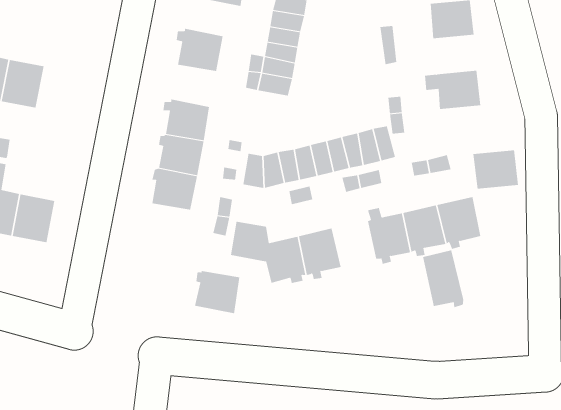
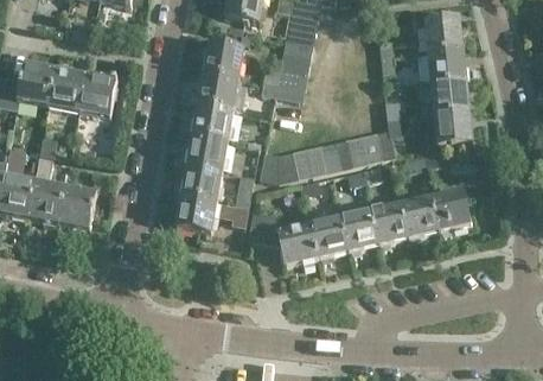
building: none -> [426,46,465,81]
building: none -> [196,72,237,109]
building: none -> [79,74,119,116]
building: [473,150,519,189] -> [432,108,472,142]
building: none -> [338,209,376,253]
building: [422,250,464,308] -> none
building: [194,270,240,314] -> [174,193,215,231]

